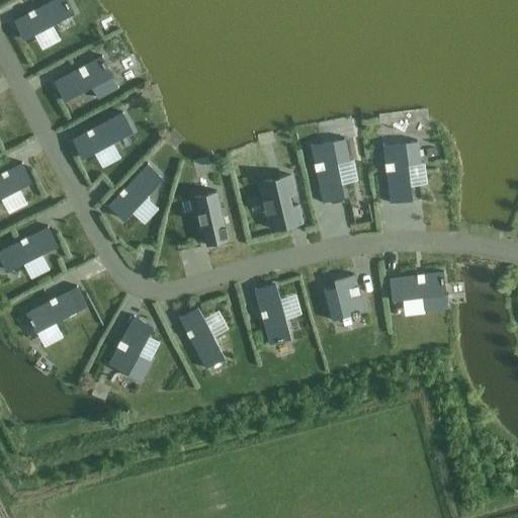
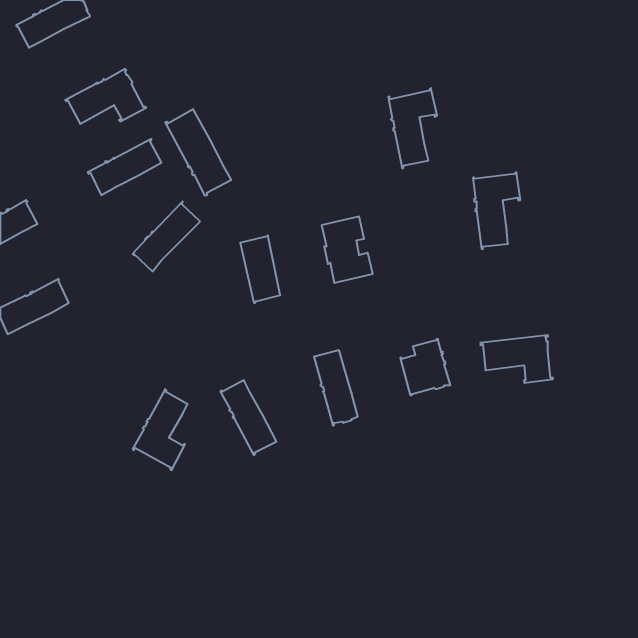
building: none -> [165,109,231,196]
building: [312,139,351,203] -> [388,88,437,168]
building: [26,286,86,332] -> none

